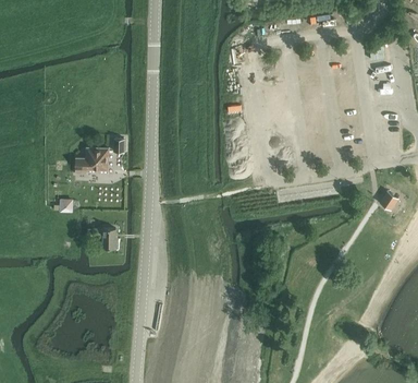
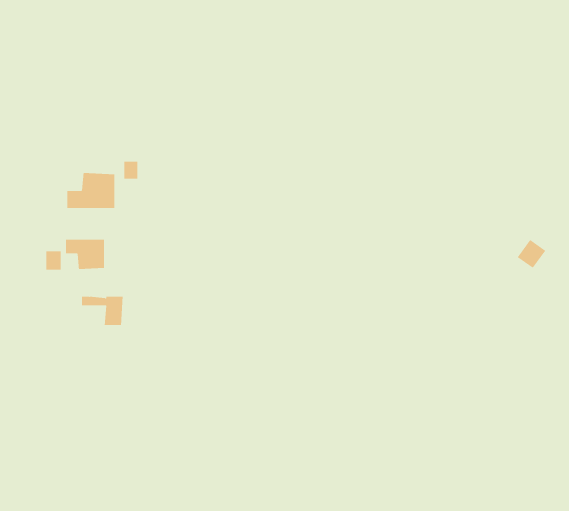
building: none -> [65,239,104,270]

